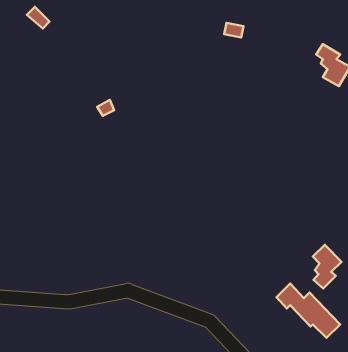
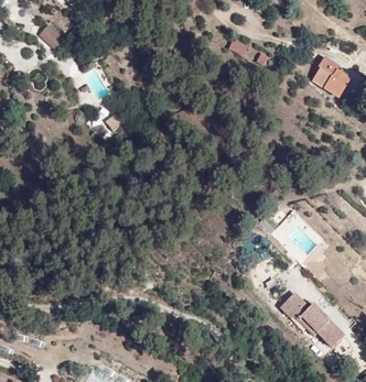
building: [313,245,342,288] -> none

